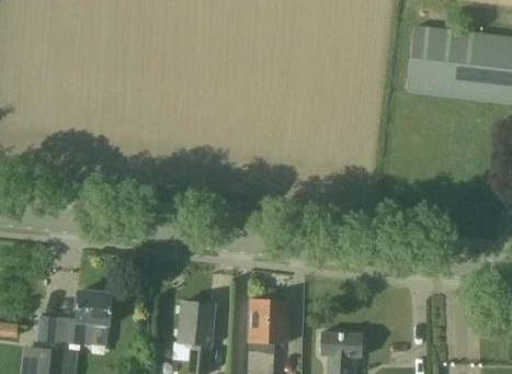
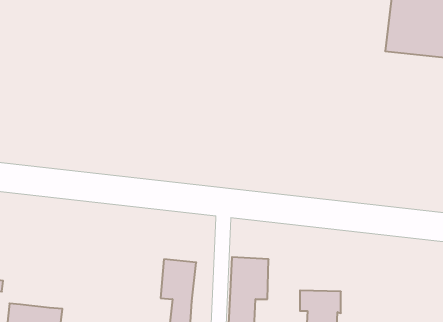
building: [37,291,112,344] -> none

